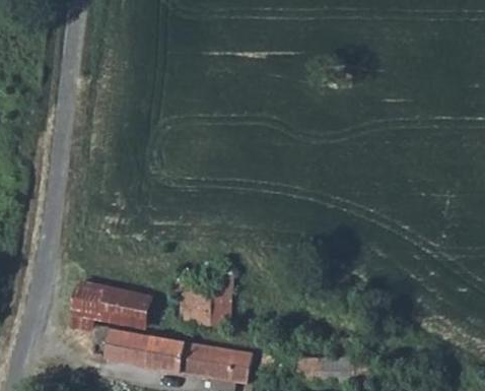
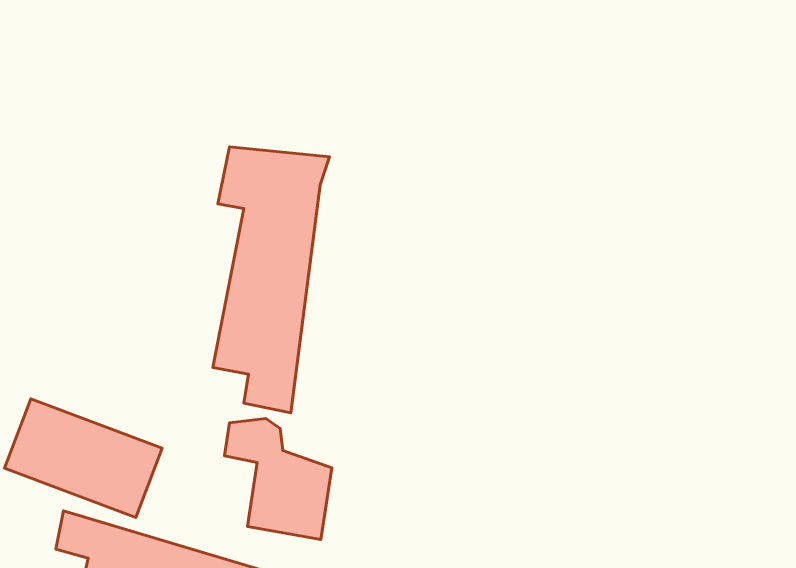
building: none -> [213,147,330,413]

